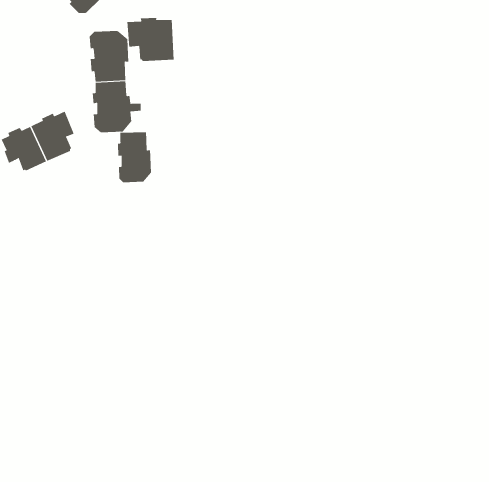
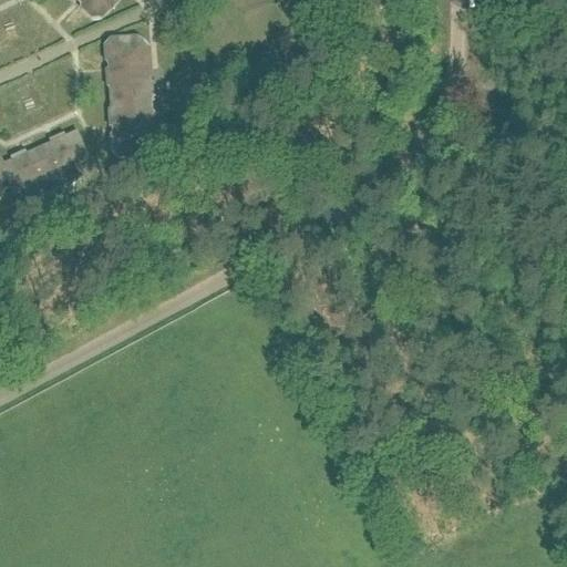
building: [127,17,174,62] -> none
building: [118,131,152,183] -> none

